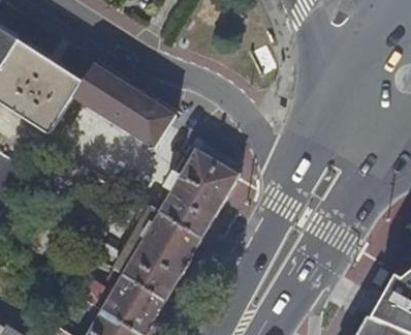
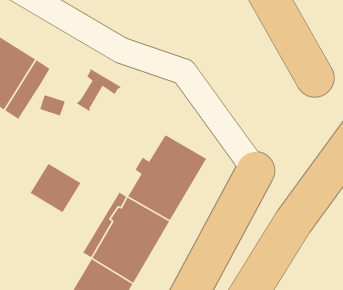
building: [73,61,123,114] -> none
building: [122,98,175,145] -> none
building: none -> [29,163,82,213]

